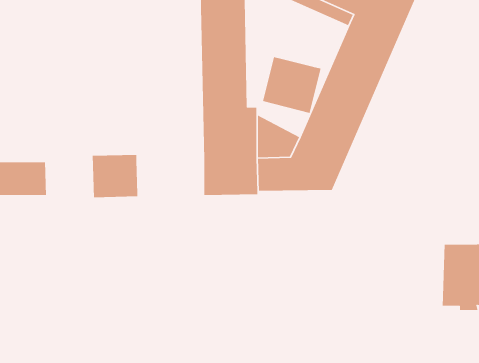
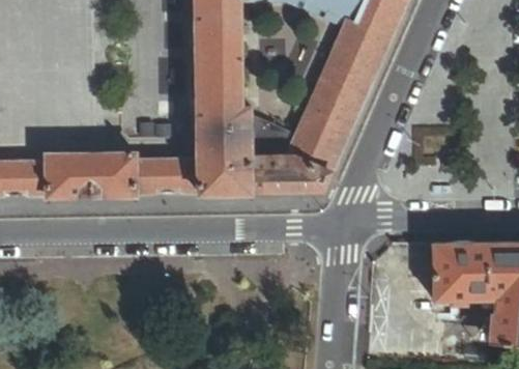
building: [262,56,322,114] -> none
building: none -> [48,154,93,196]
building: none -> [136,159,200,192]

